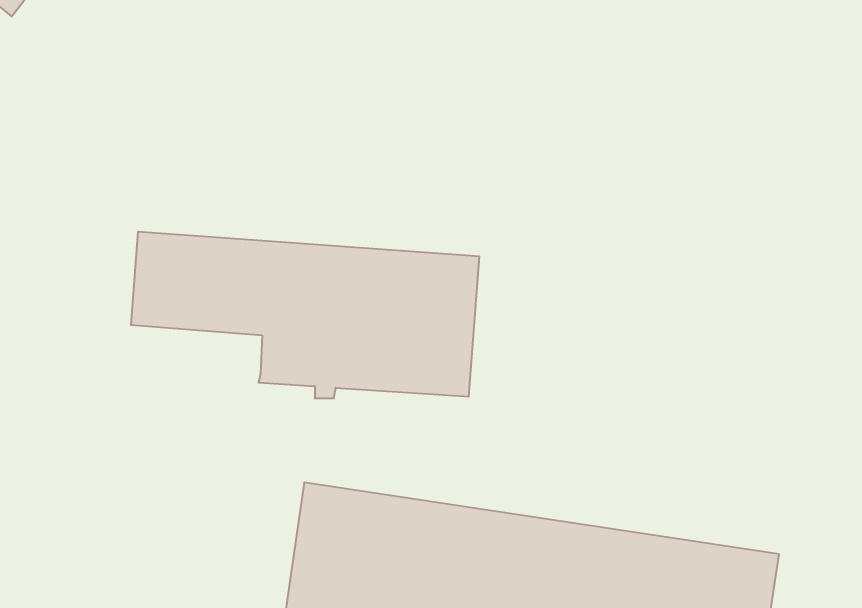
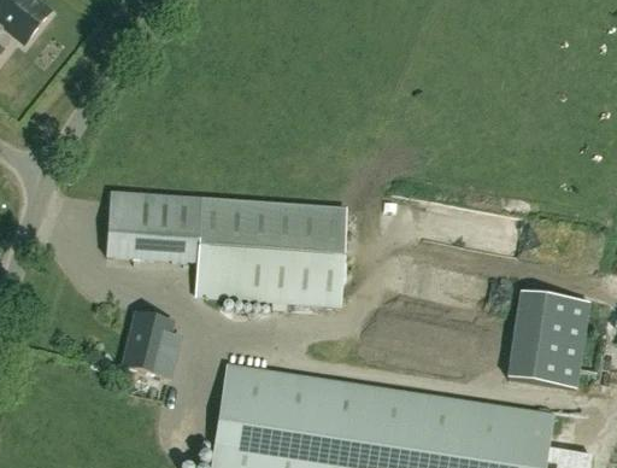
building: none -> [510,286,592,381]
building: none -> [123,312,178,376]

